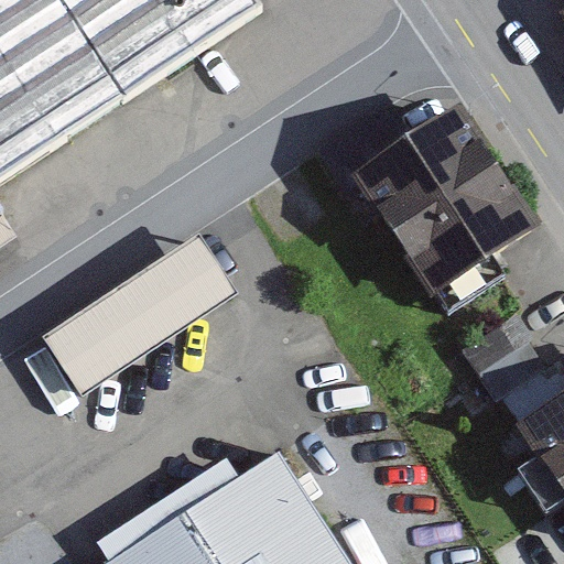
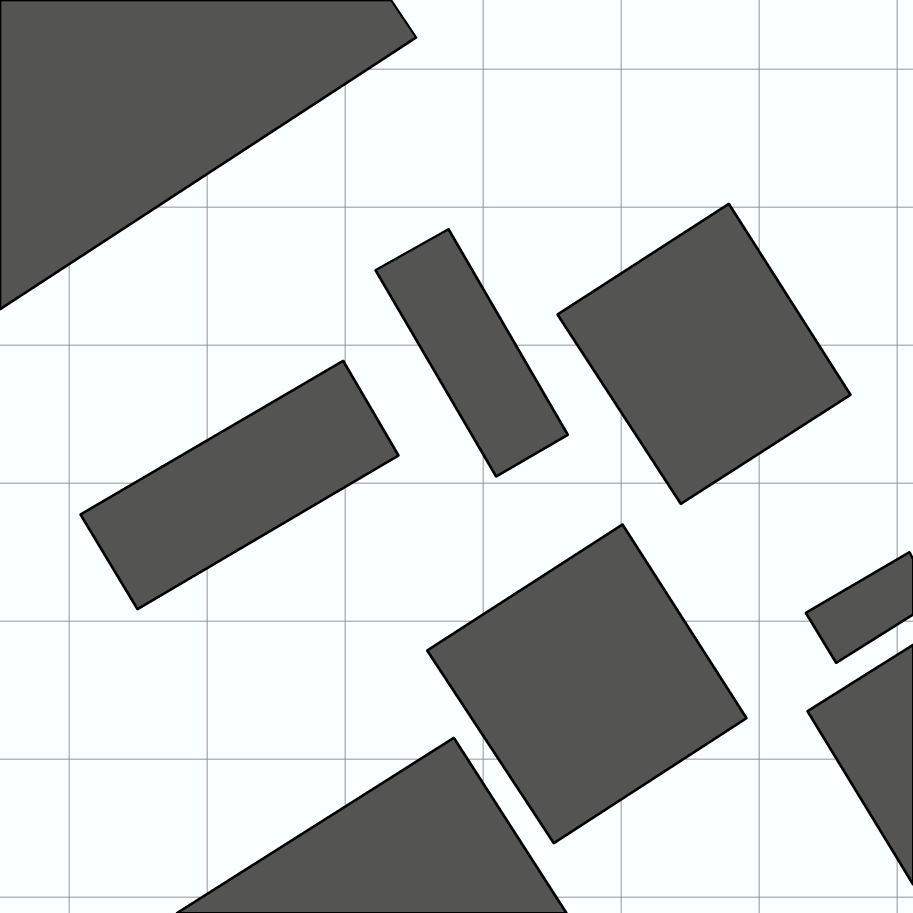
building: none -> [376,229,568,477]
building: none -> [427,524,747,843]

